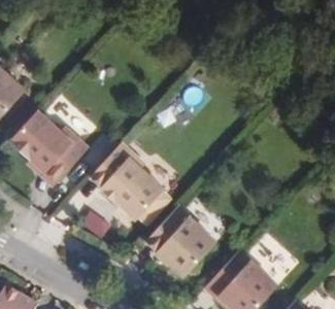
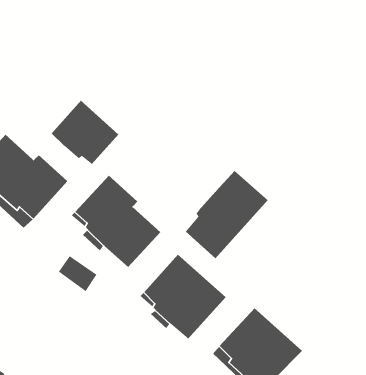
building: none -> [51,100,119,165]
building: none -> [185,170,269,259]

